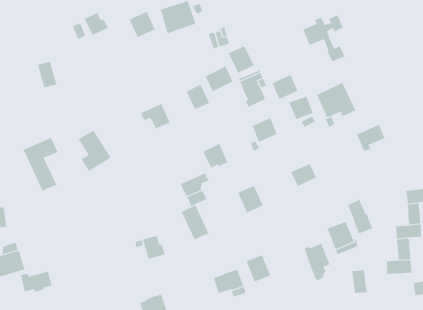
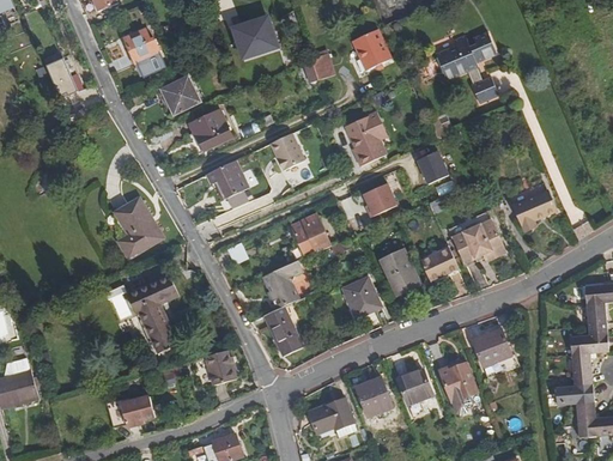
building: [129,11,155,38] -> [162,77,200,115]
building: [228,45,255,73] -> [353,31,392,71]
building: [37,61,57,88] -> [50,57,79,96]
building: [205,65,233,92] -> none
building: none -> [189,110,232,152]
building: [272,74,298,100] -> none
building: [316,82,356,118] -> [448,211,505,262]
building: [23,137,58,192] -> [129,274,180,352]
building: none -> [380,248,418,291]
building: [347,199,373,234] -> none
building: none -> [396,369,432,405]
building: [352,270,367,293] -> [575,404,597,437]
building: [20,271,53,292] -> [108,398,154,427]

